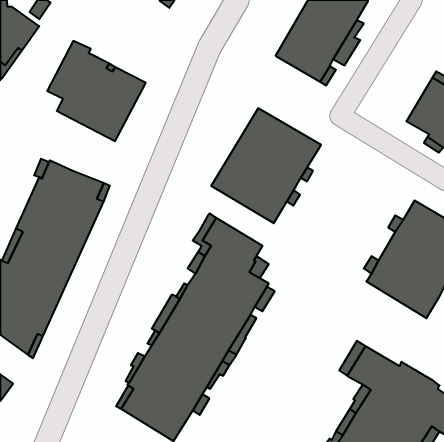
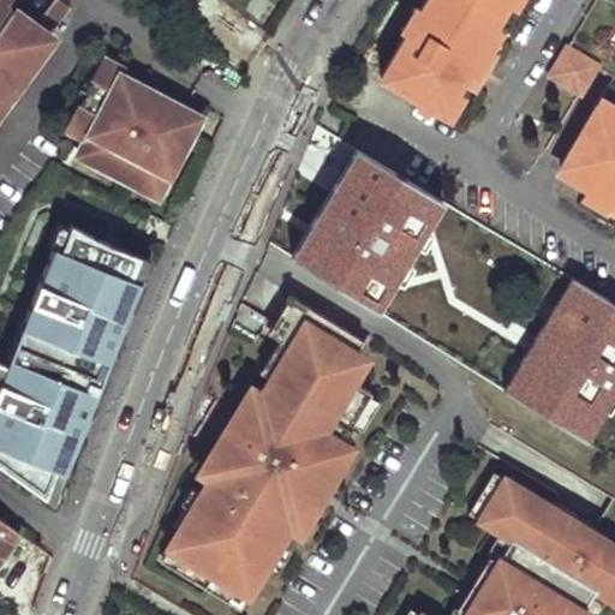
building: none -> [553,52,599,96]

